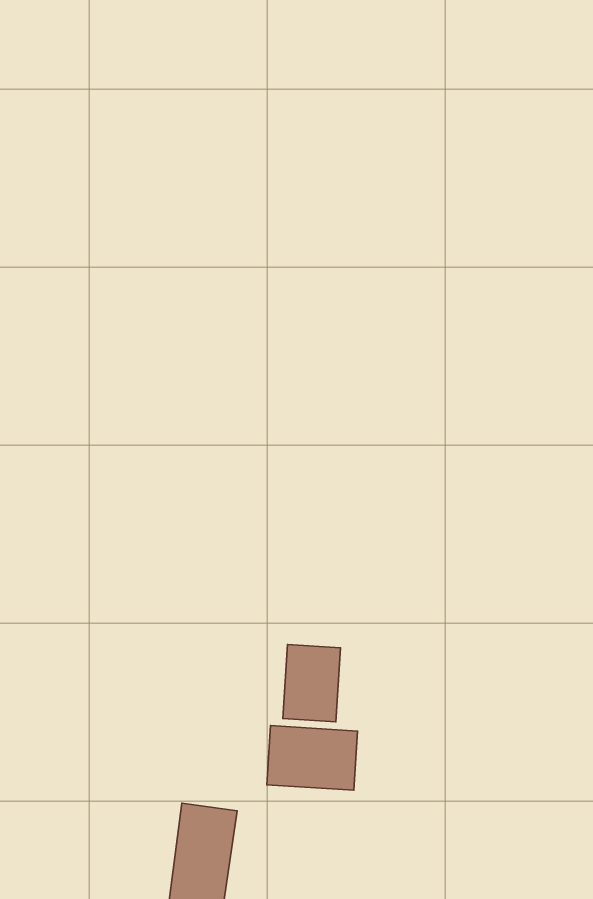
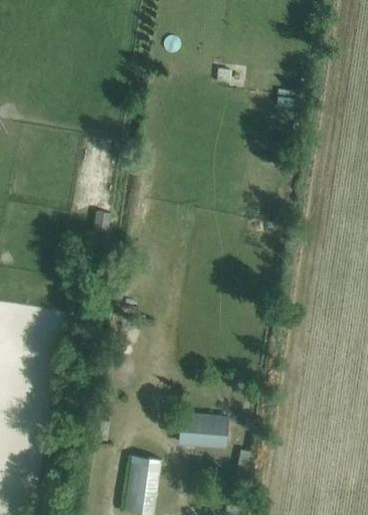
building: [283,645,341,722] -> none

